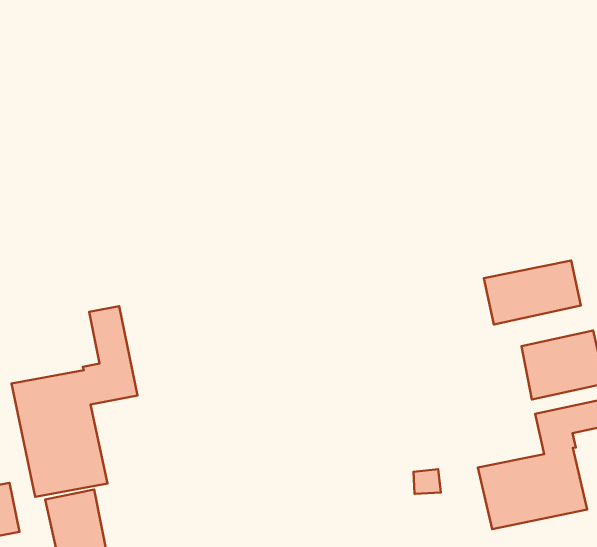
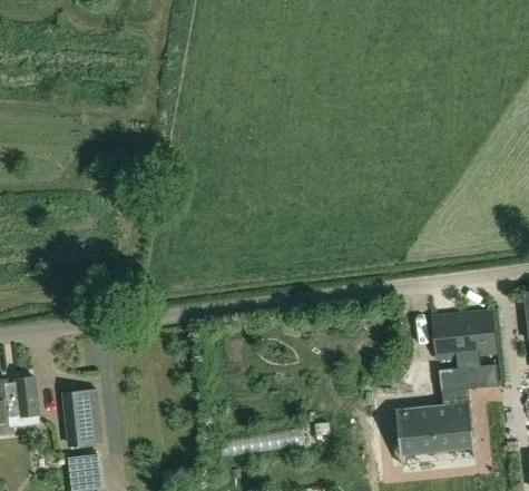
building: [484,260,581,325] -> none
building: [12,306,138,497] -> none

